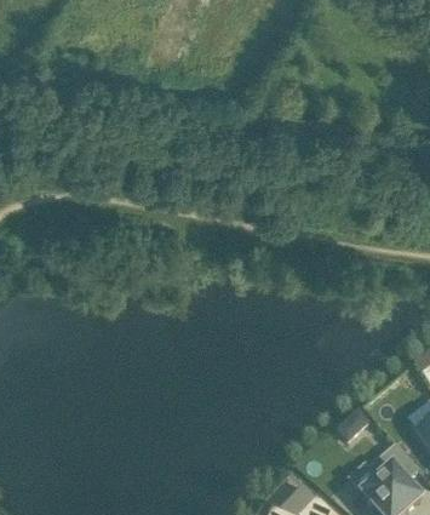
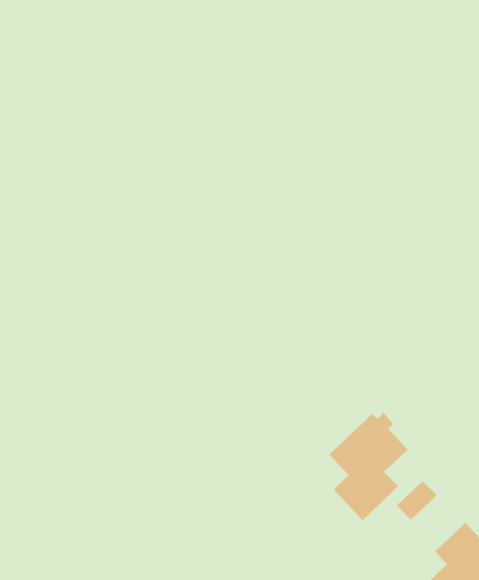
building: none -> [329,411,409,521]

